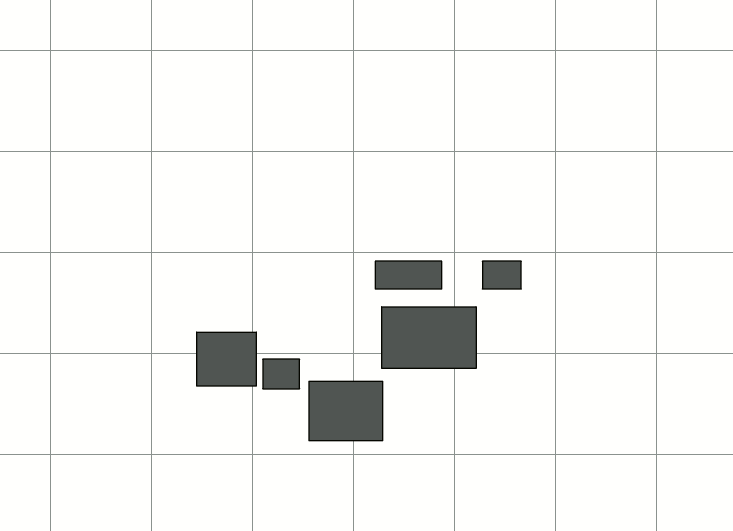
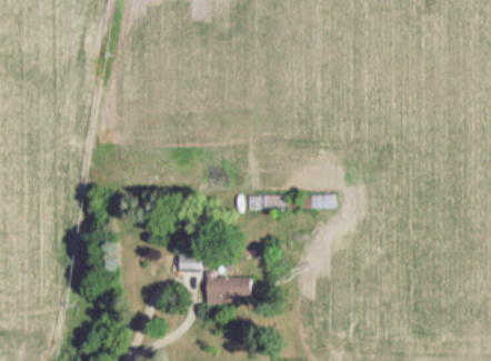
building: [382,307,476,368] -> none
building: [197,332,256,386] -> none

